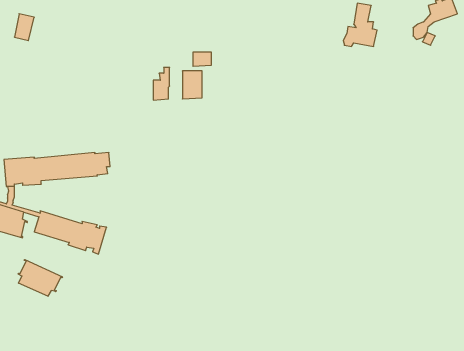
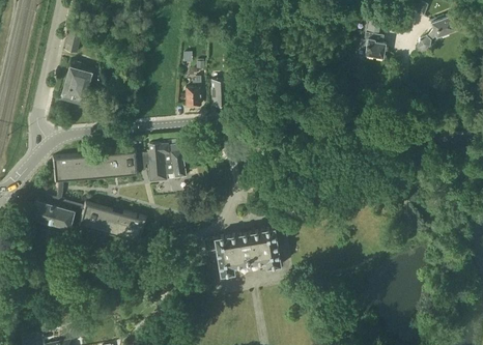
building: none -> [61,62,92,100]
building: none -> [147,143,186,181]
building: none -> [204,228,281,275]
building: [18,260,62,296] -> none

